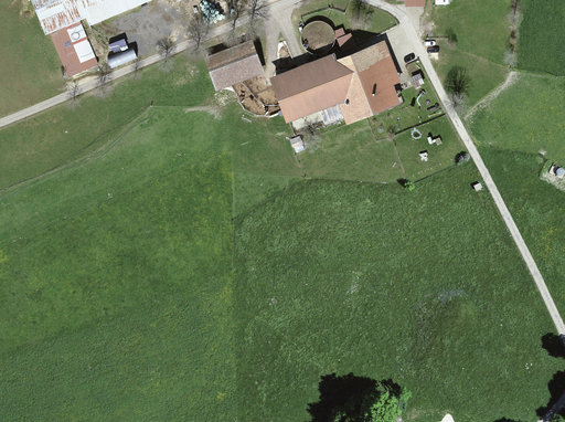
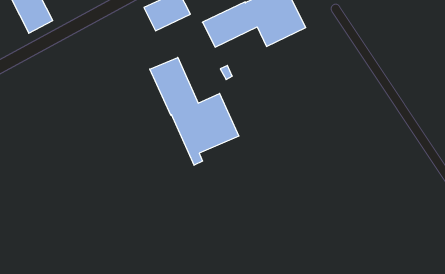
building: none -> [150,57,239,165]

